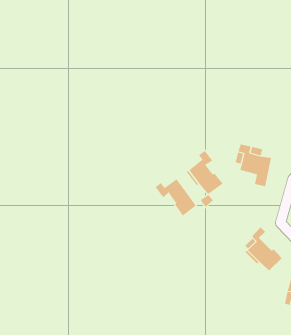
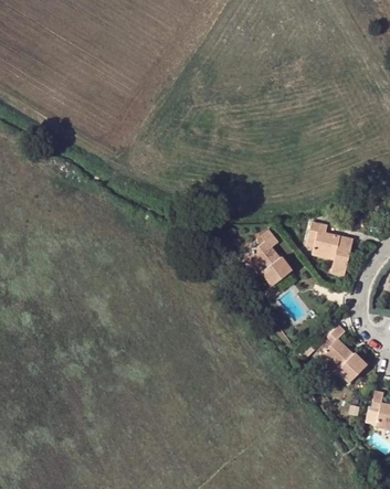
building: [155,179,196,217] -> none

